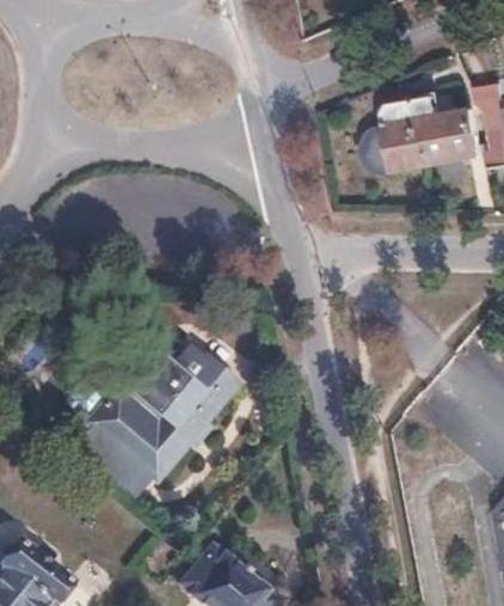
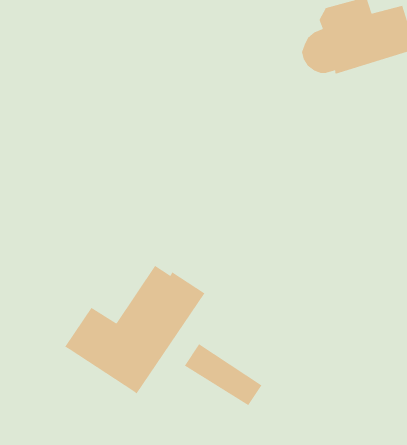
building: [70,428,149,498] -> [184,343,262,406]

